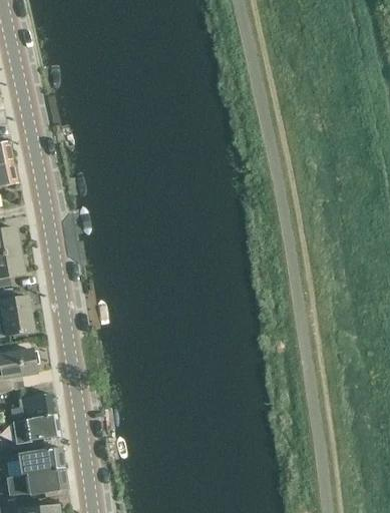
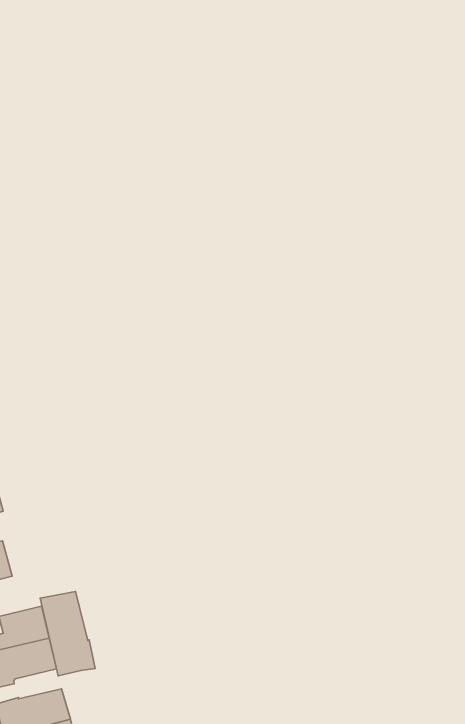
building: none -> [40,591,95,676]

